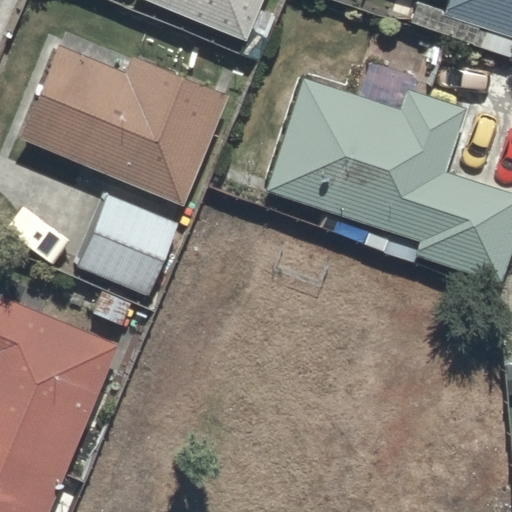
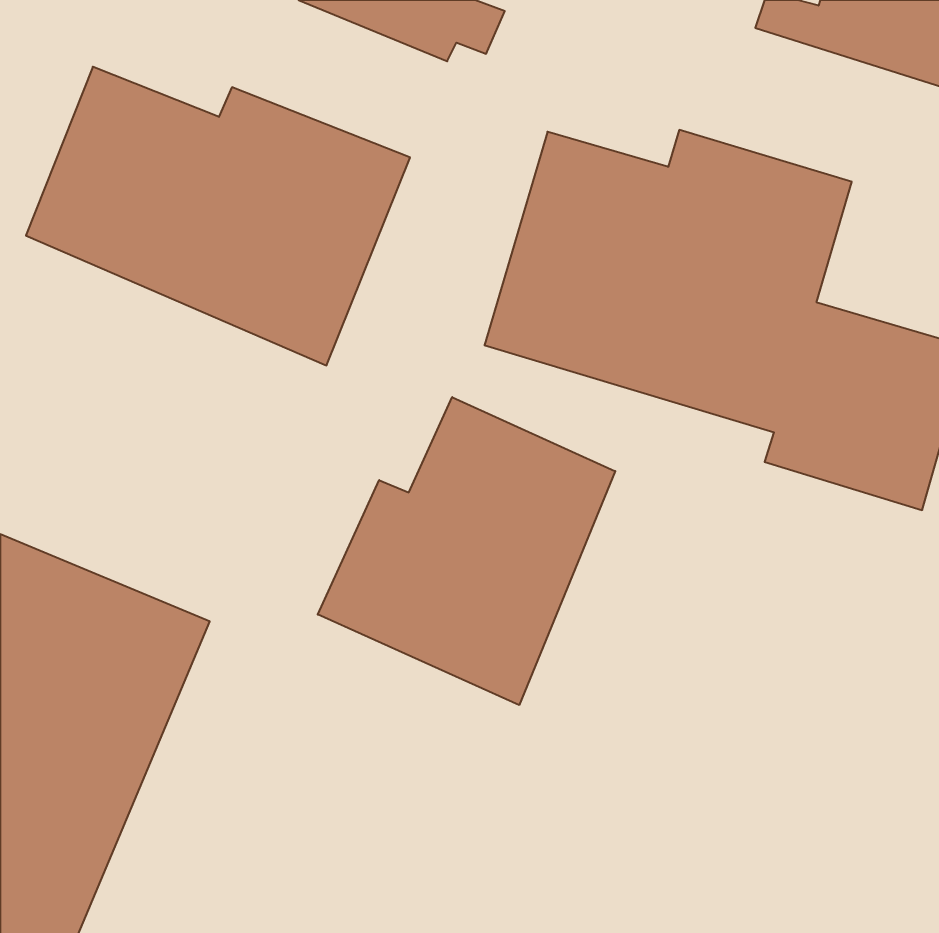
building: [79,191,176,291] -> none
building: none -> [318,397,615,705]

